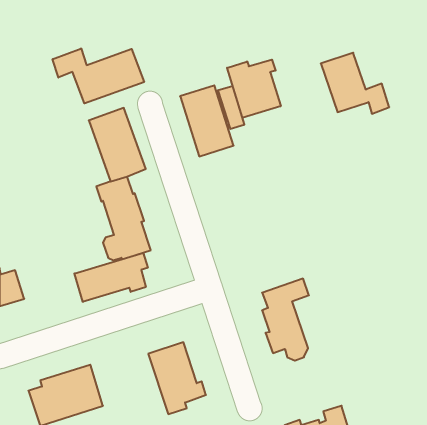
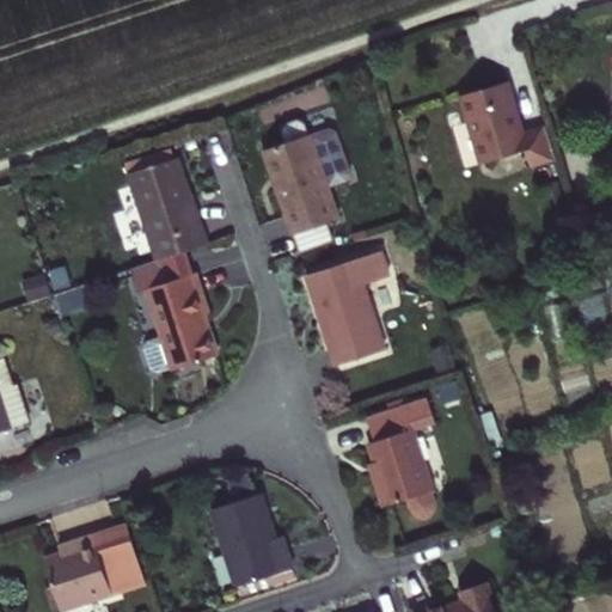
building: [53,48,144,103] -> none
building: [227,60,281,118] -> none
building: none -> [295,243,381,359]
building: [74,253,148,302] -> none

